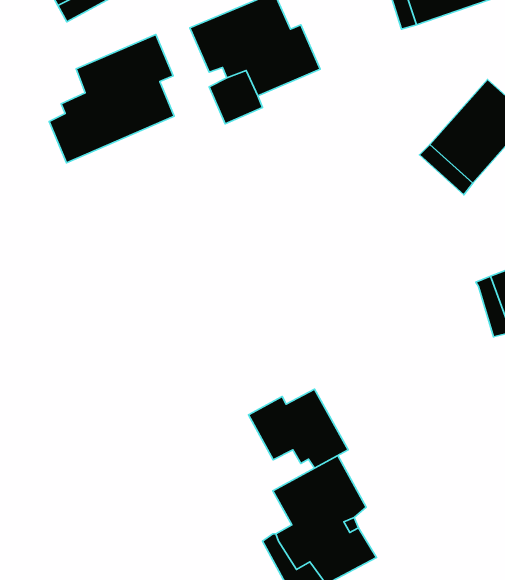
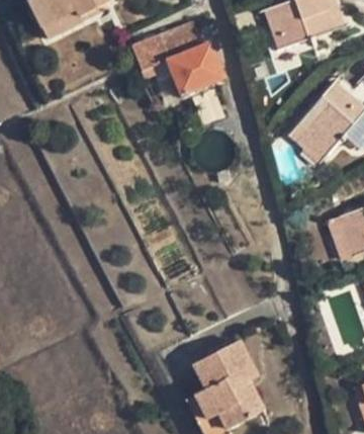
building: [49,35,174,163] -> none
building: [249,389,348,468] -> none

